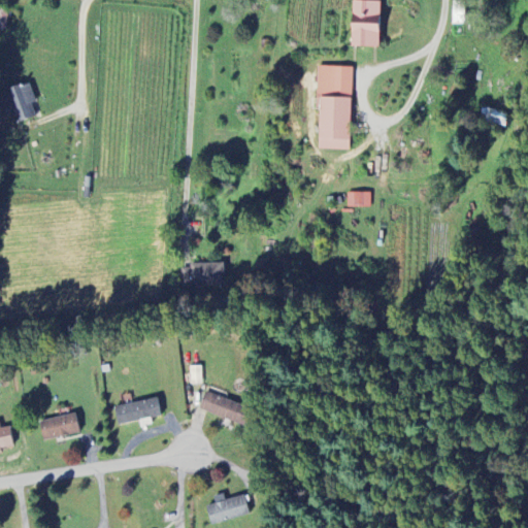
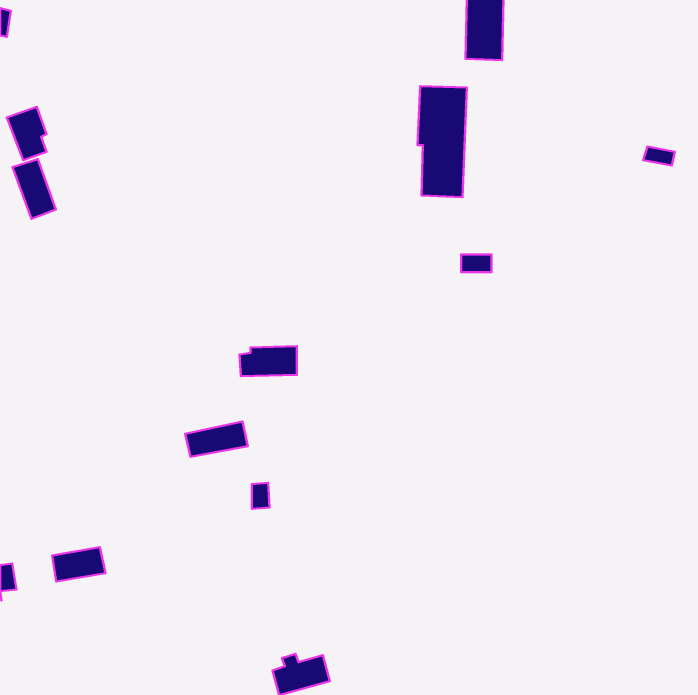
building: none -> [13,159,56,219]
building: [200,393,242,420] -> none
building: [114,396,162,423] -> [185,421,248,457]

